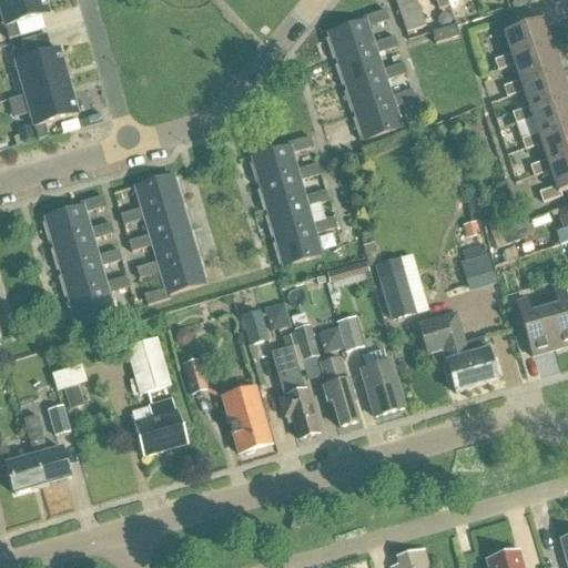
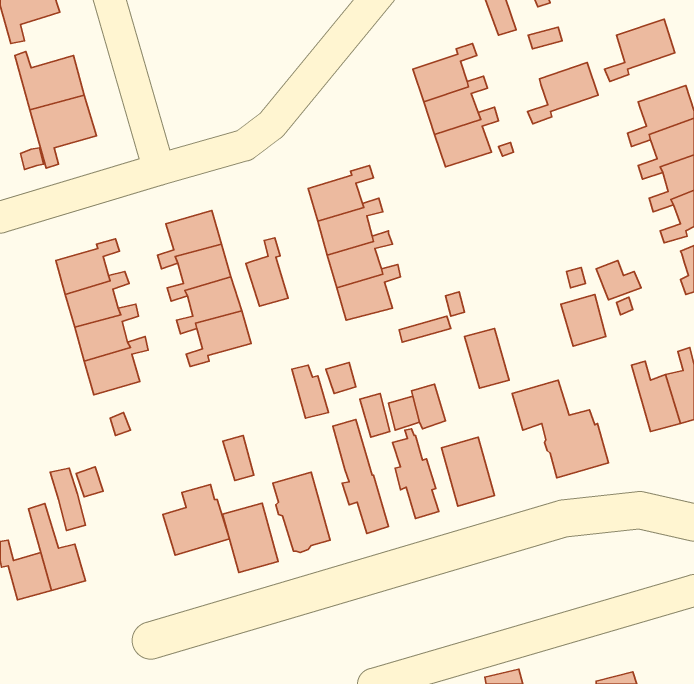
building: [328,9,381,57] -> none
building: [503,43,560,93] -> [527,63,598,124]
building: none -> [246,238,288,306]
building: [125,336,171,393] -> [223,503,278,572]

